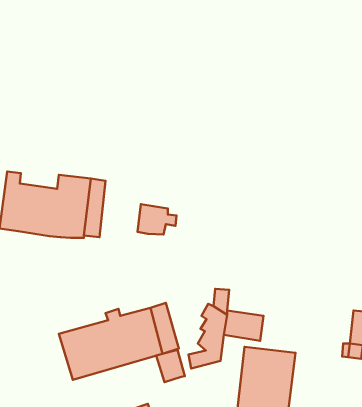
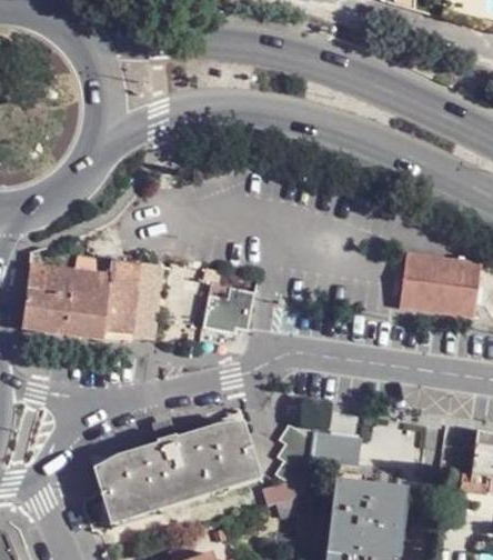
building: none -> [398,253,475,314]
building: [156,350,185,382] -> none

